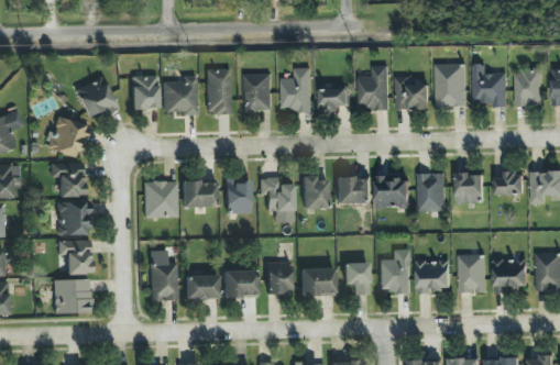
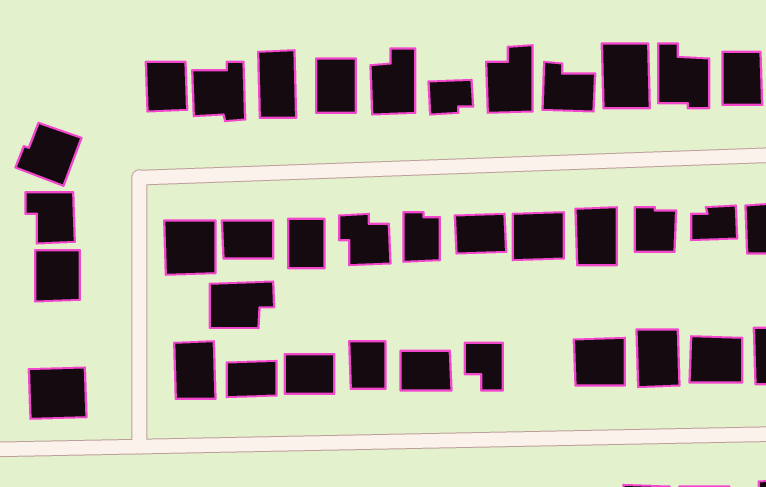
building: [75,76,118,117] -> none
building: none -> [210,282,274,328]
building: [58,240,91,274] -> none
building: [380,250,409,292] -> none

